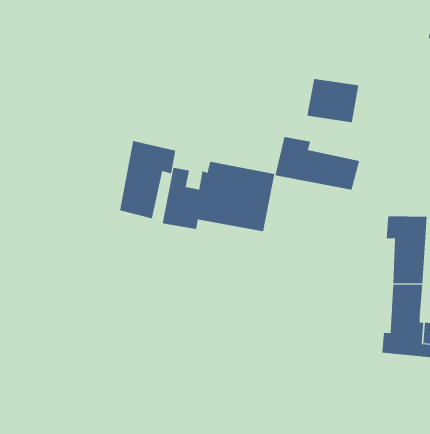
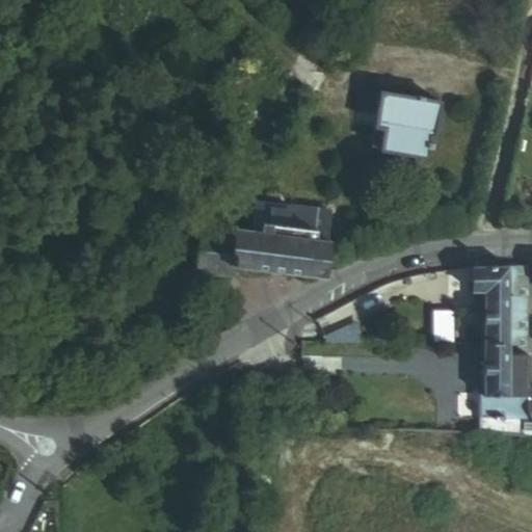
building: [275,136,360,191] -> none
building: [119,140,176,219] -> none

